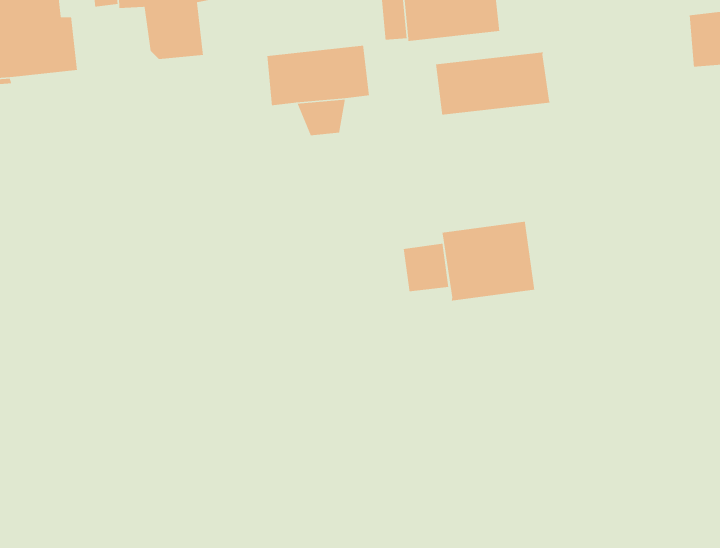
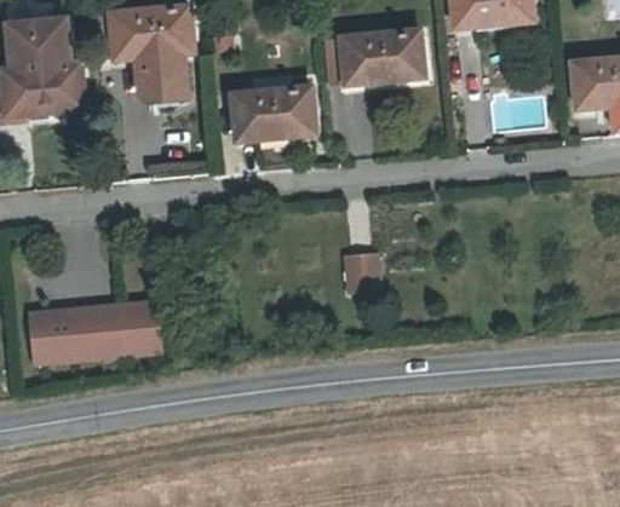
building: [435,51,550,116] -> none
building: [441,221,535,301] -> none
building: none -> [30,295,170,365]

